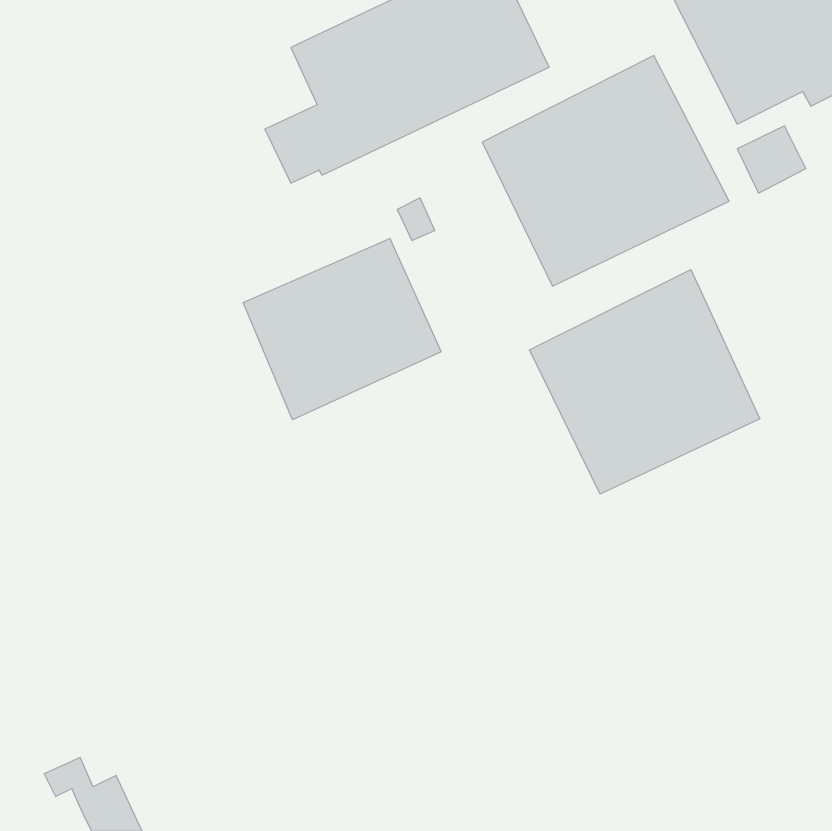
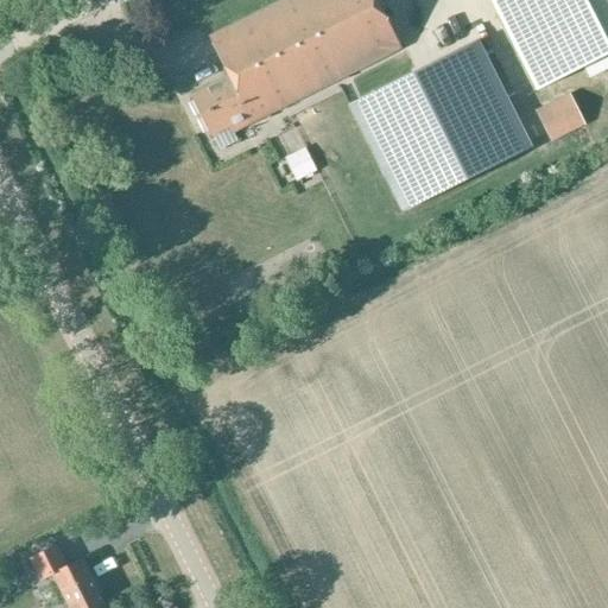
building: [243,238,441,420] -> none
building: [530,270,760,494] -> none

